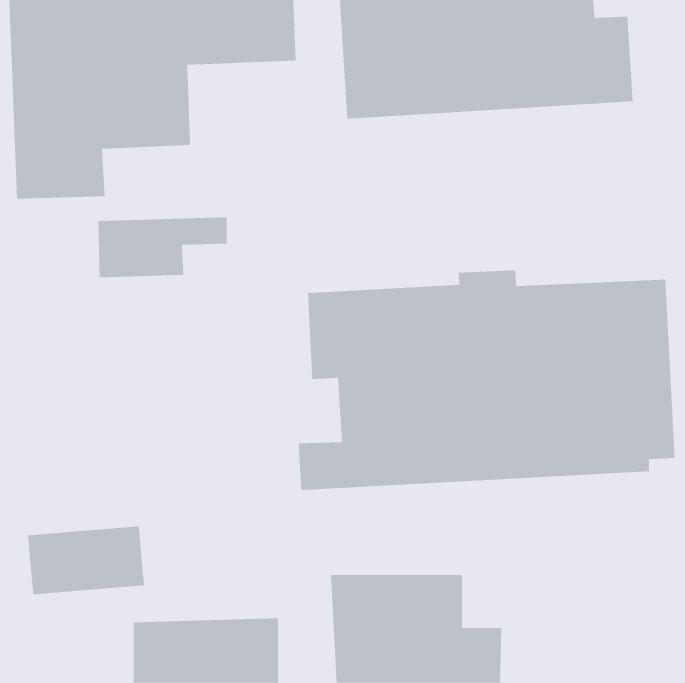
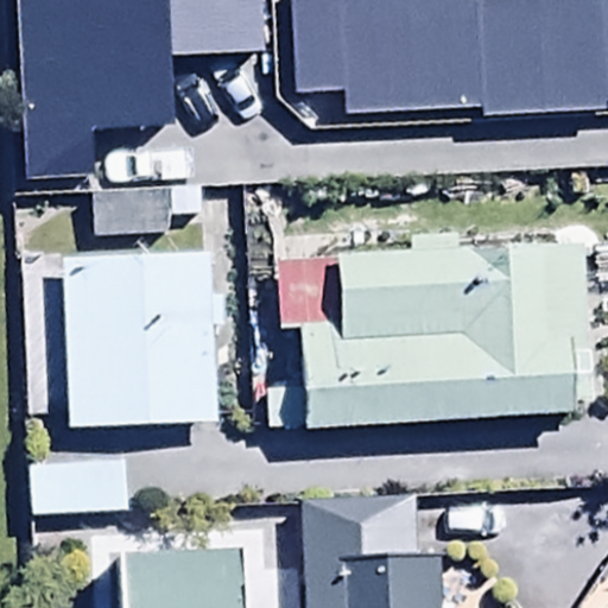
building: none -> [64,252,216,424]

